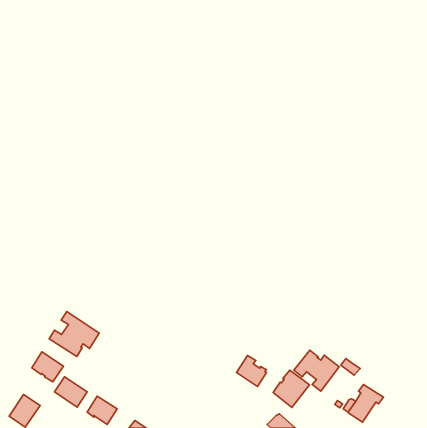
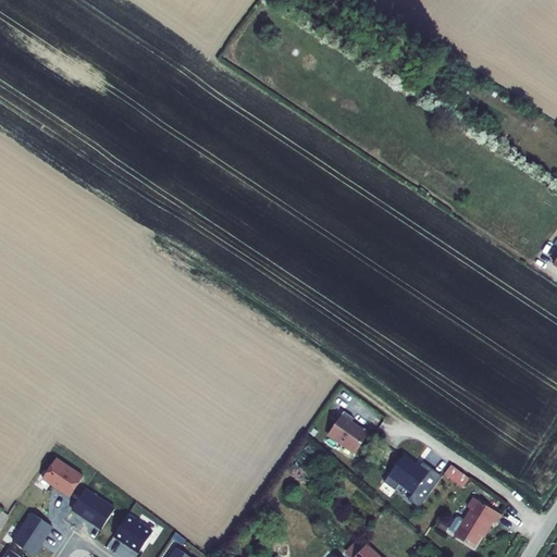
building: [49,311,99,357] -> none
building: [236,356,267,387] -> [330,410,369,450]
building: [273,370,310,408] -> none

